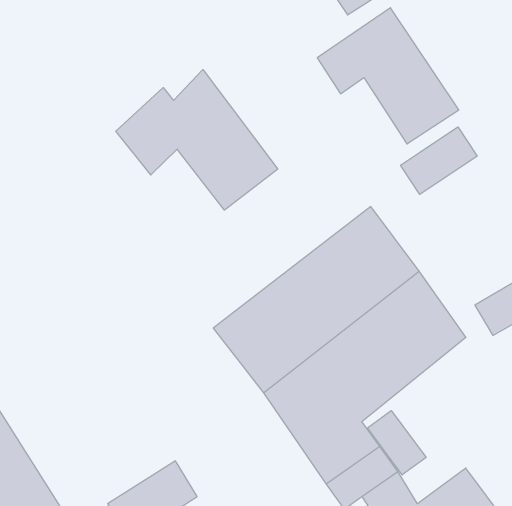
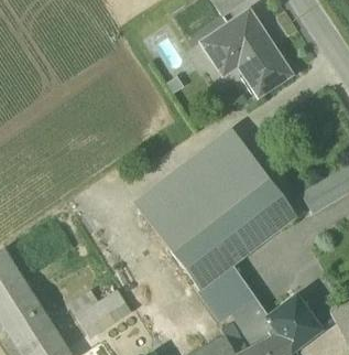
building: [116,70,278,210] -> none
building: [401,127,477,194] -> none
building: [367,411,426,475] -> none

